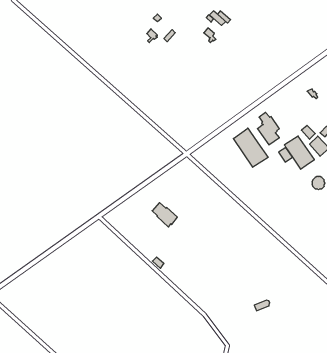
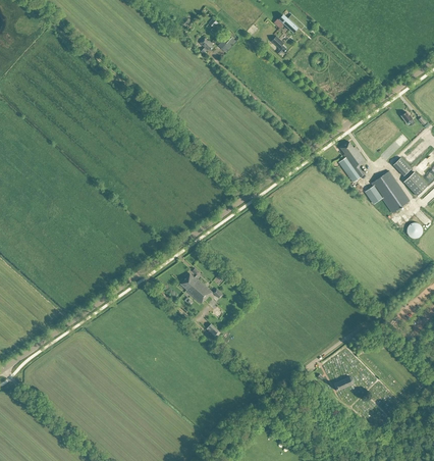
building: [233,128,268,167] -> none
building: [152,203,177,227] -> [180,273,212,304]

